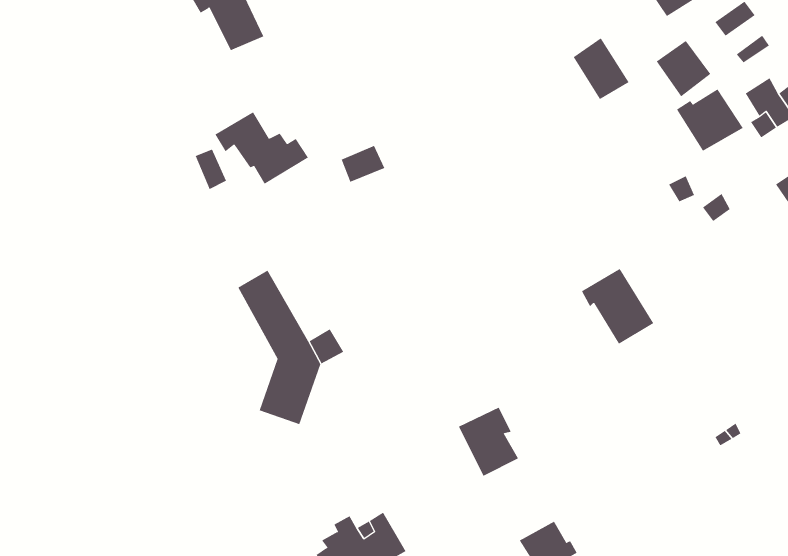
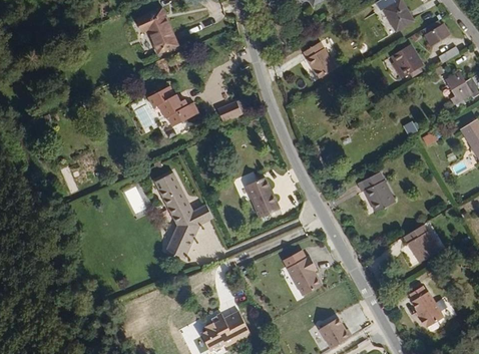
building: [573,38,630,100] -> [300,43,332,78]
building: [676,89,744,152] -> none
building: none -> [251,180,285,220]
building: none -> [400,226,436,265]
building: none -> [406,284,443,330]

